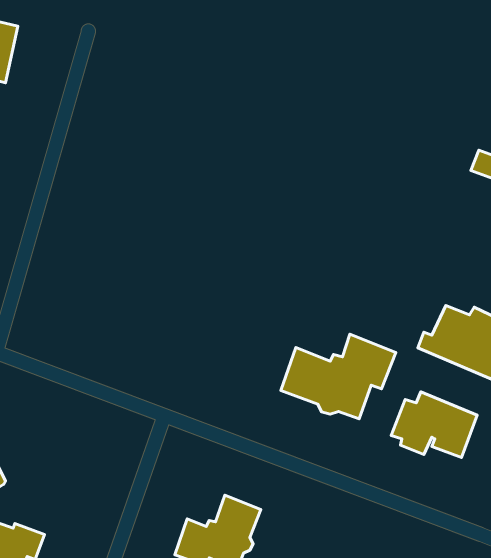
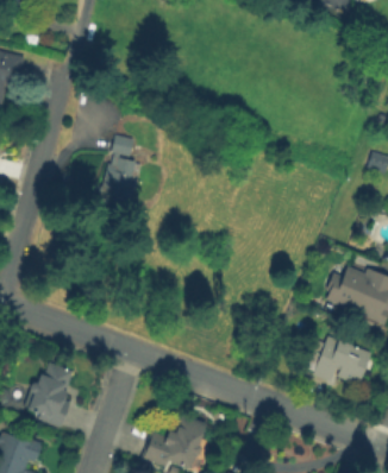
building: none -> [98,134,136,210]
building: [281,334,396,419] -> none
building: none -> [23,362,74,428]

